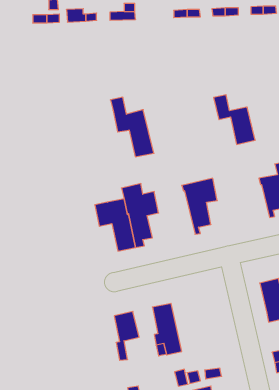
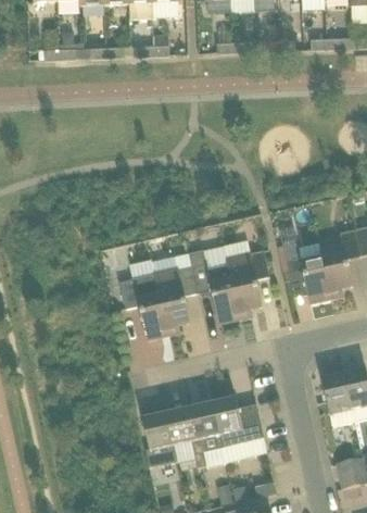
building: [214,95,255,144] -> [282,241,333,302]
building: [110,97,154,157] -> [189,249,242,322]
building: none -> [213,397,267,461]
building: none -> [166,406,197,443]

